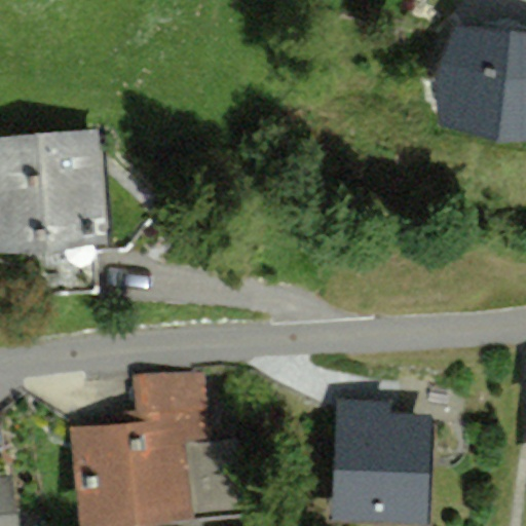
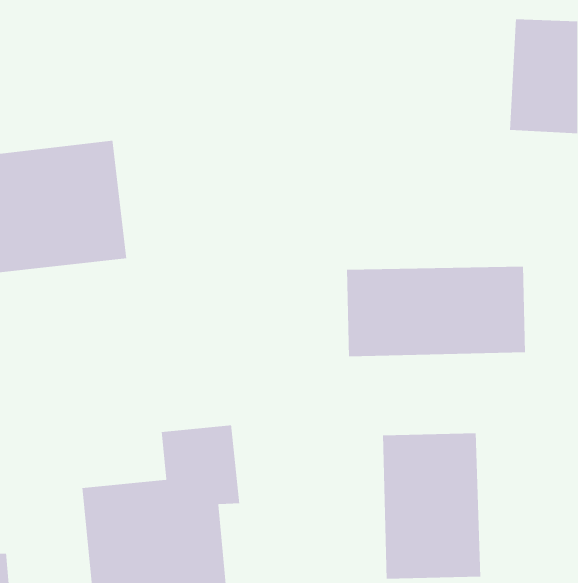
building: none -> [346,266,526,357]

